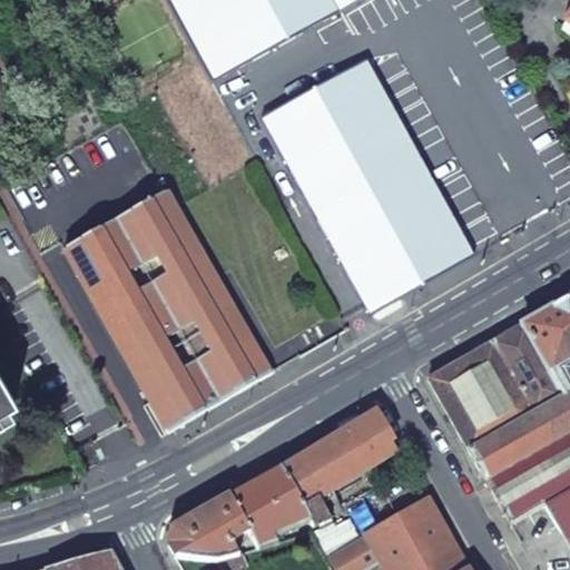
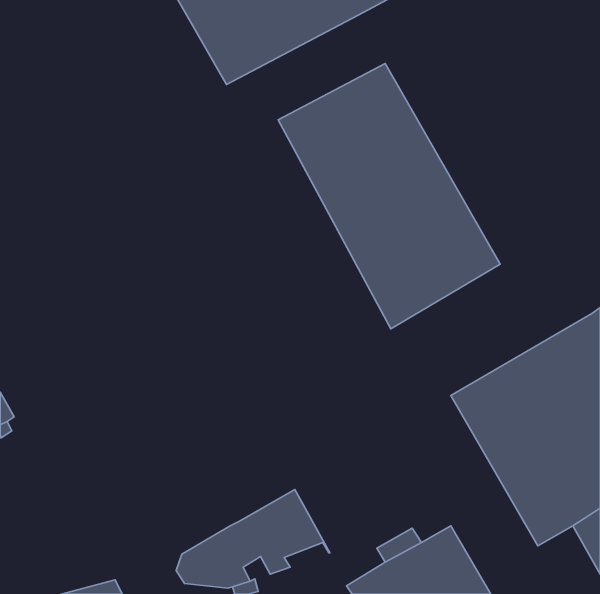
building: [62,189,271,430] -> none
building: [279,409,395,524] -> none

